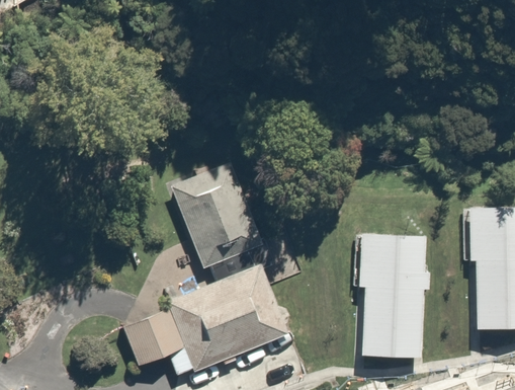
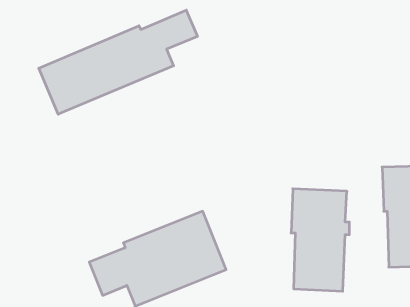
building: none -> [39,10,197,114]
building: [166,162,268,280] -> none

